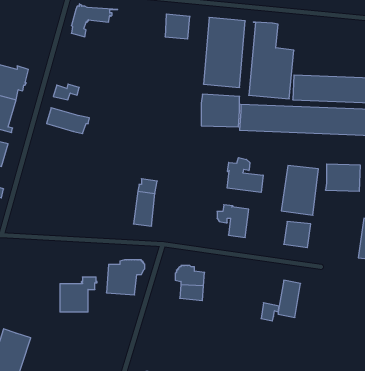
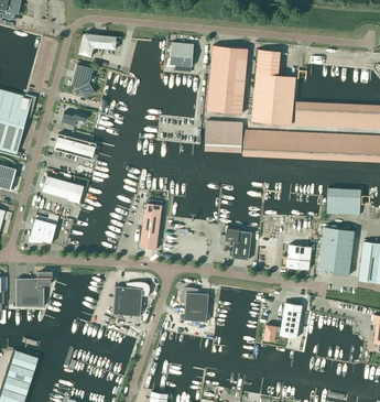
building: none -> [70,64,94,97]
building: none -> [43,176,84,203]
building: [227,158,263,192] -> none
building: [281,166,318,215] -> [317,227,354,275]
building: none -> [29,218,56,243]
building: [60,277,97,312] -> [17,272,53,306]

